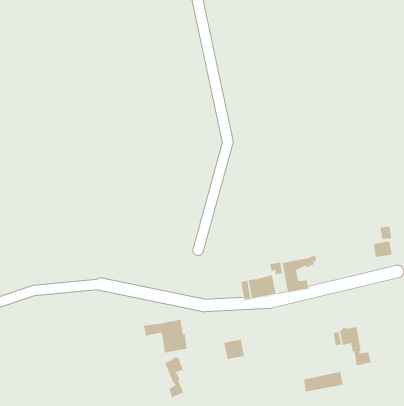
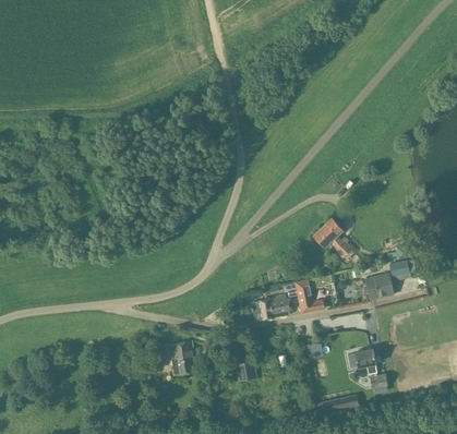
building: none -> [312,218,353,261]
building: none -> [363,275,394,301]
building: [164,356,184,398] -> none

